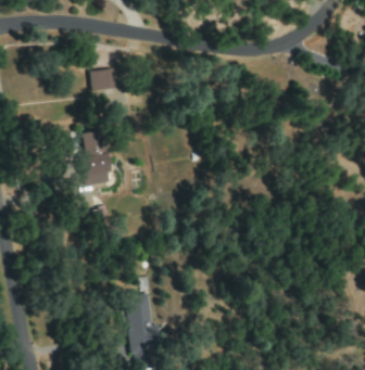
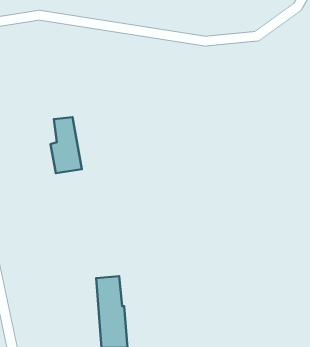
building: [89,67,122,91] -> none

